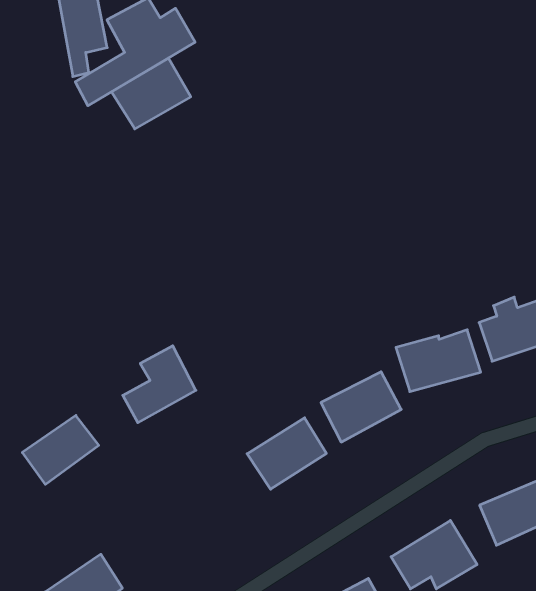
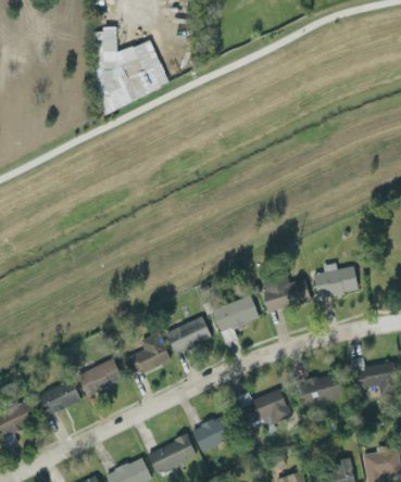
building: [112,58,191,129] -> none
building: [123,346,196,423] -> [126,332,170,375]
building: [22,415,99,484] -> [77,358,123,396]

